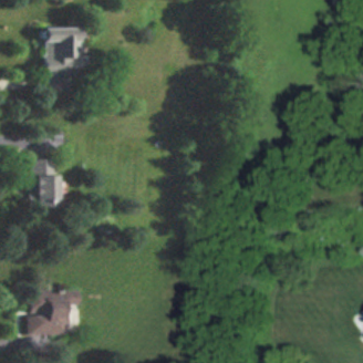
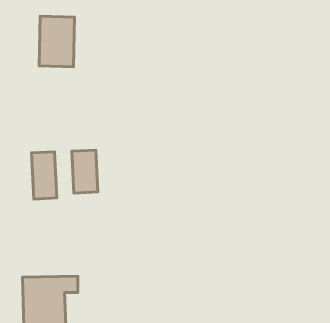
building: none -> [72,150,98,193]

